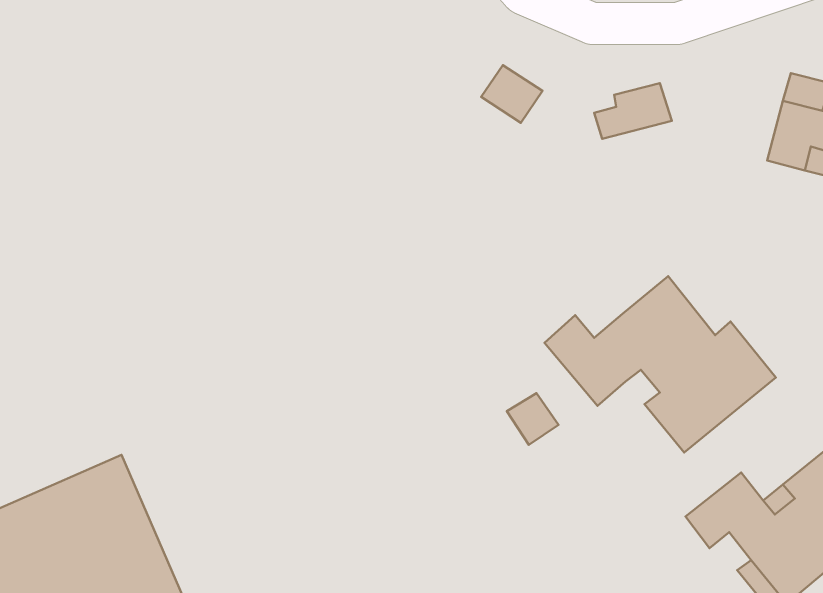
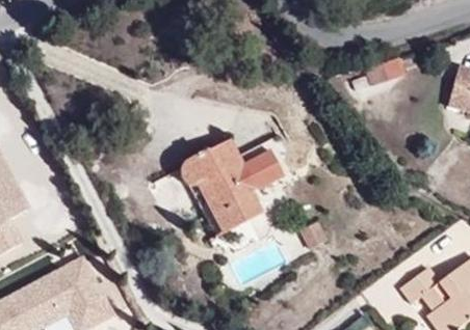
building: none -> [174,136,286,230]
building: [544,276,776,452] -> none

